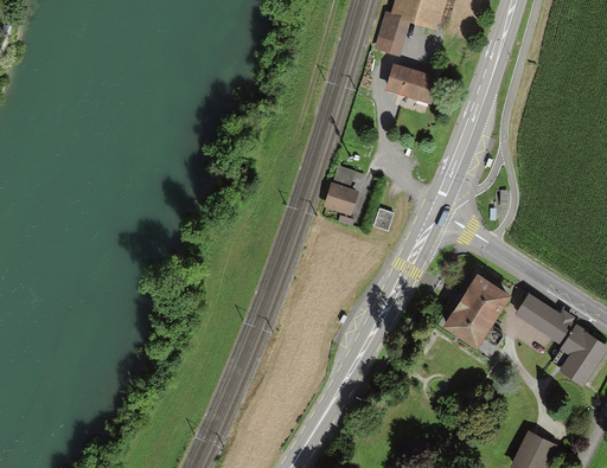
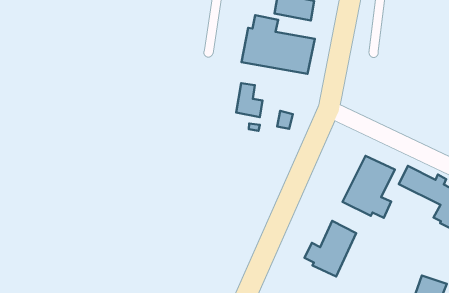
building: none -> [242,15,315,74]
building: none -> [305,221,356,277]

